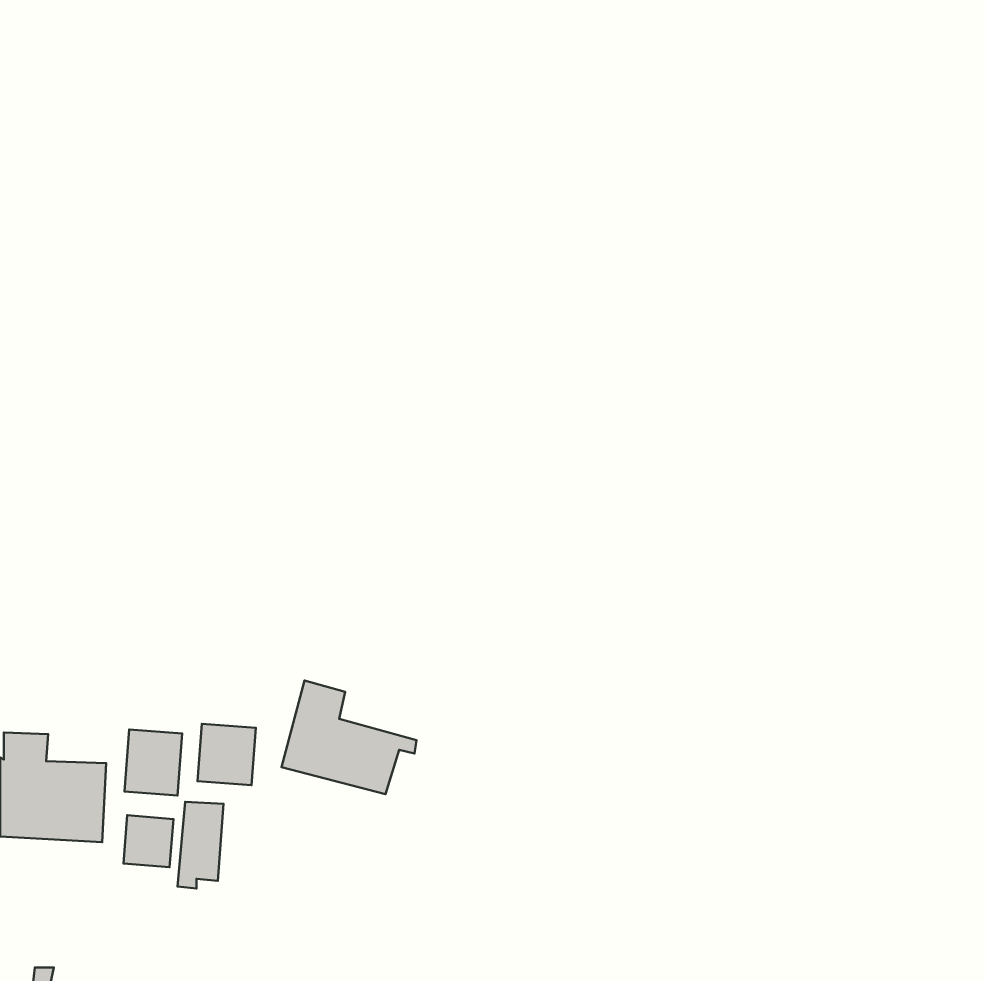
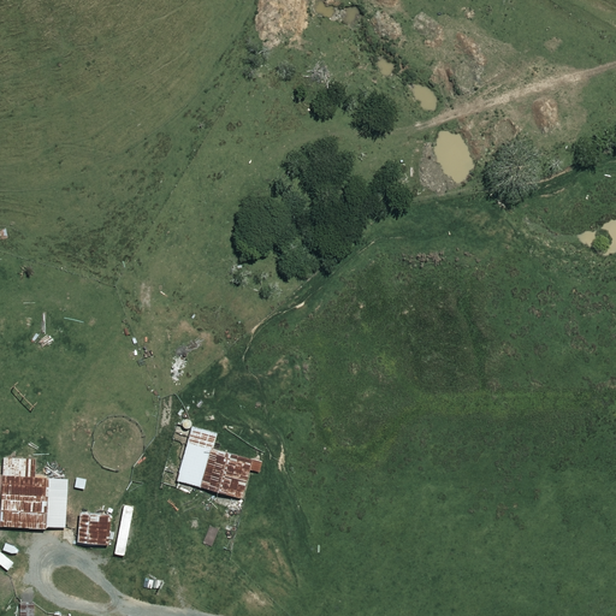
building: [198,724,256,785] -> none
building: [124,729,182,796] -> none

